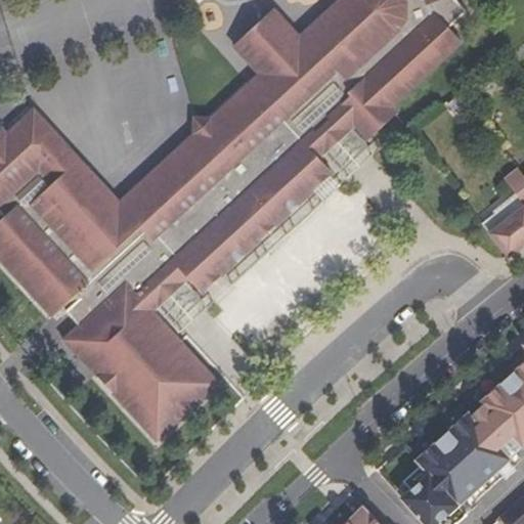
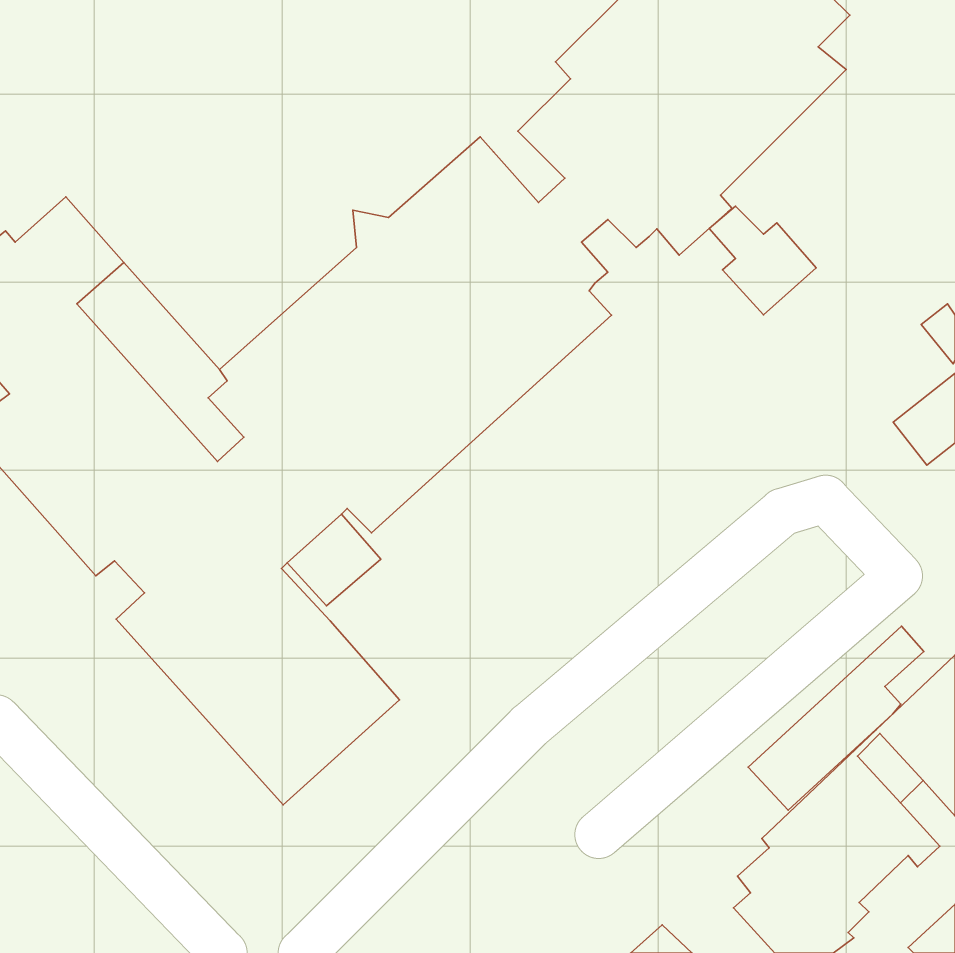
building: [235,10,311,83] -> none
building: [317,120,376,179] -> [709,206,816,315]
building: none -> [748,626,924,810]

